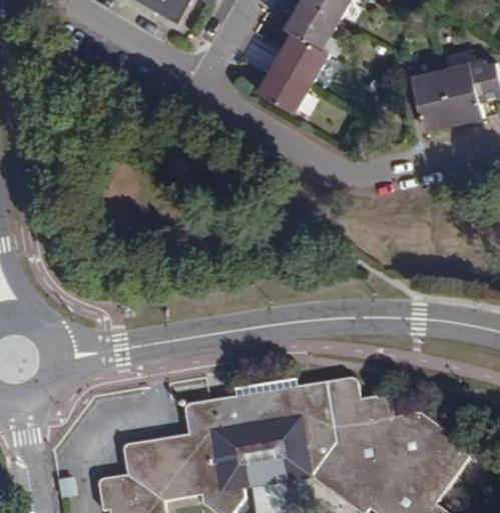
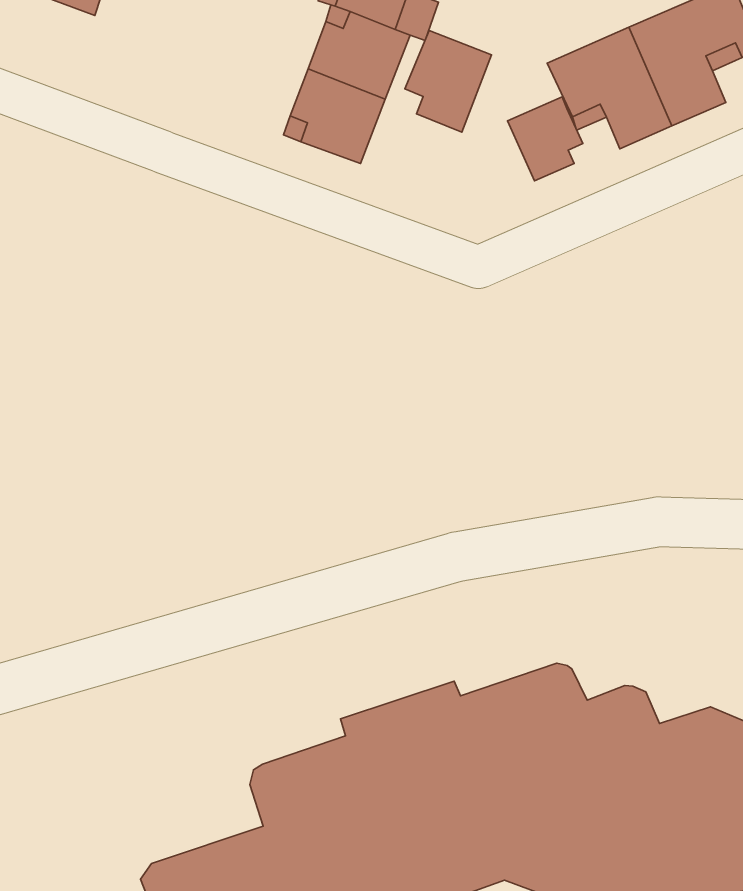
building: none -> [405,30,492,132]
building: none -> [508,97,583,181]

